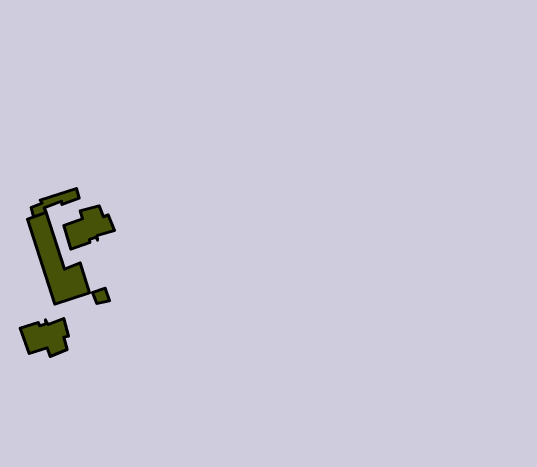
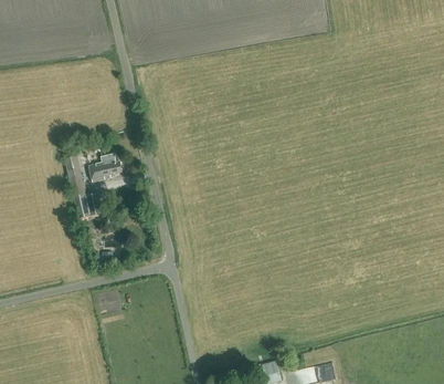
building: [20,318,69,356] -> none

